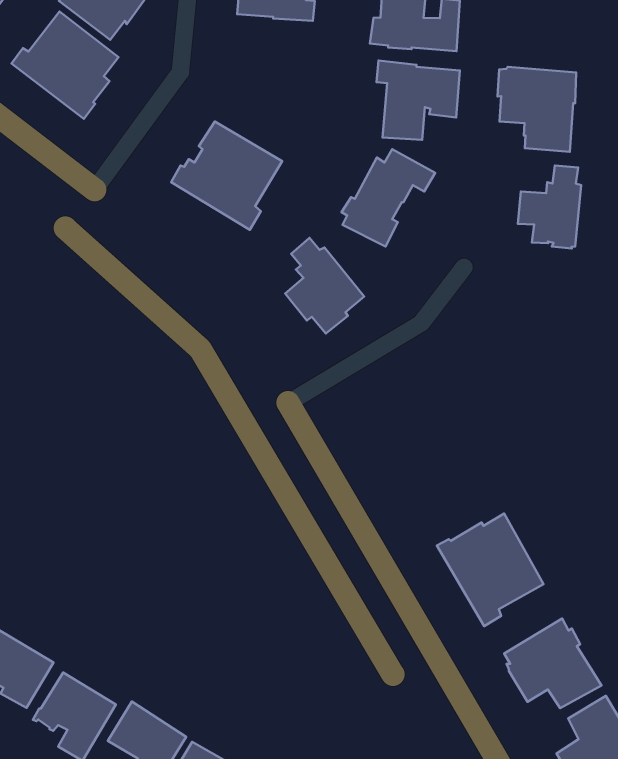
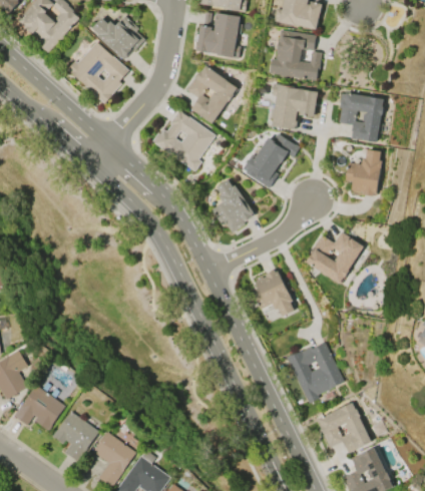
building: none -> [185,66,239,124]
building: none -> [307,231,364,284]
building: none -> [252,270,293,316]

